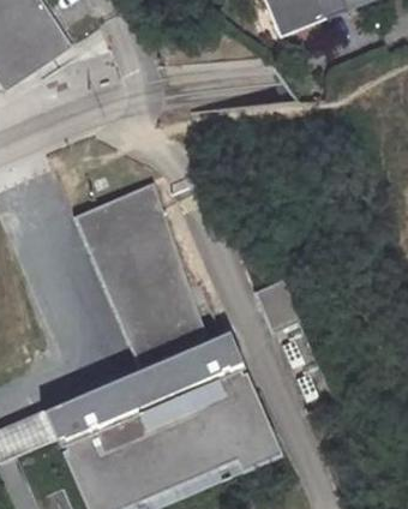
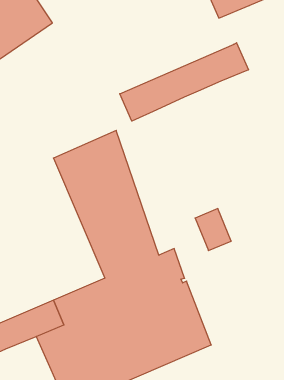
building: none -> [120,43,248,121]

